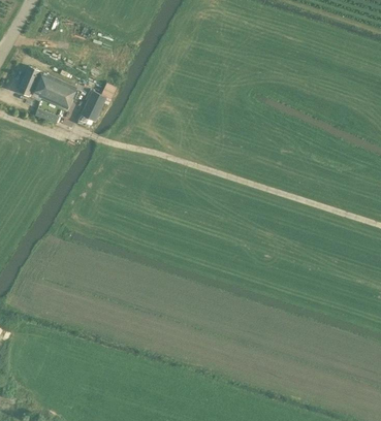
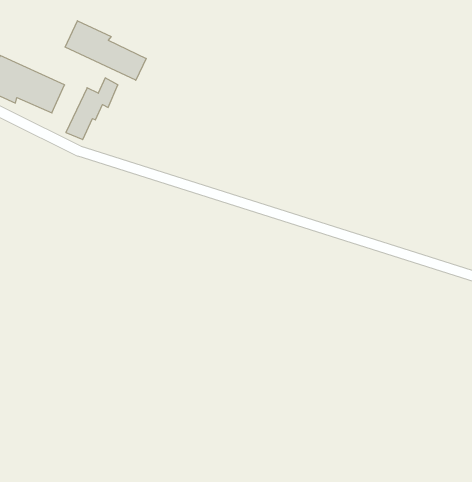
building: none -> [65,21,146,80]

